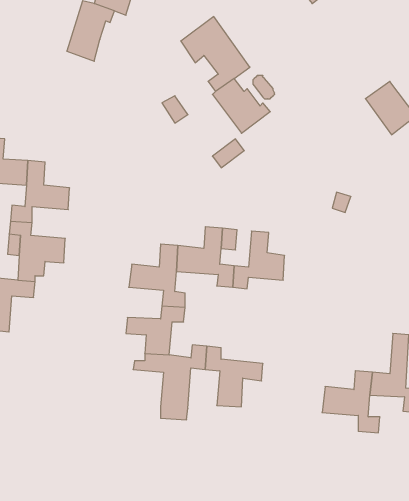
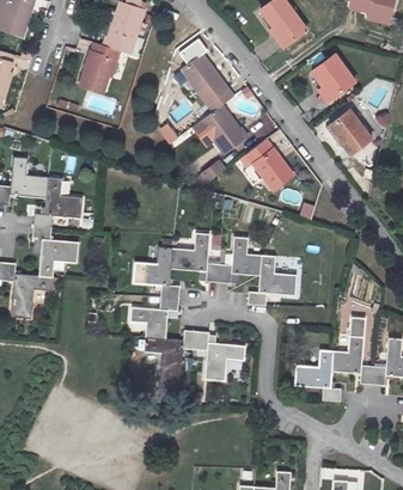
building: none -> [313,54,356,100]
building: none -> [245,140,292,191]
building: none -> [246,256,294,306]

